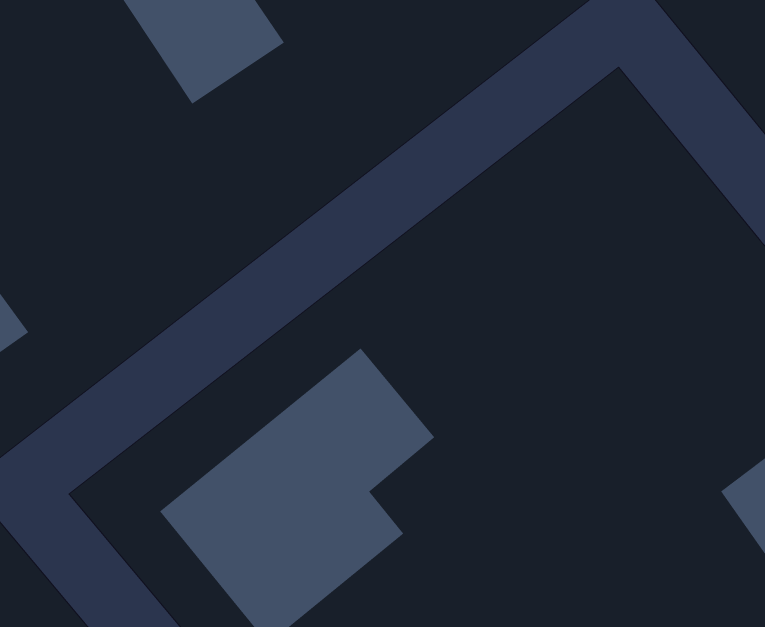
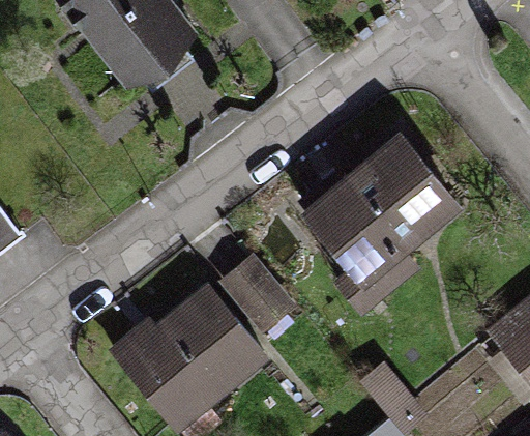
building: none -> [295,137,464,301]

